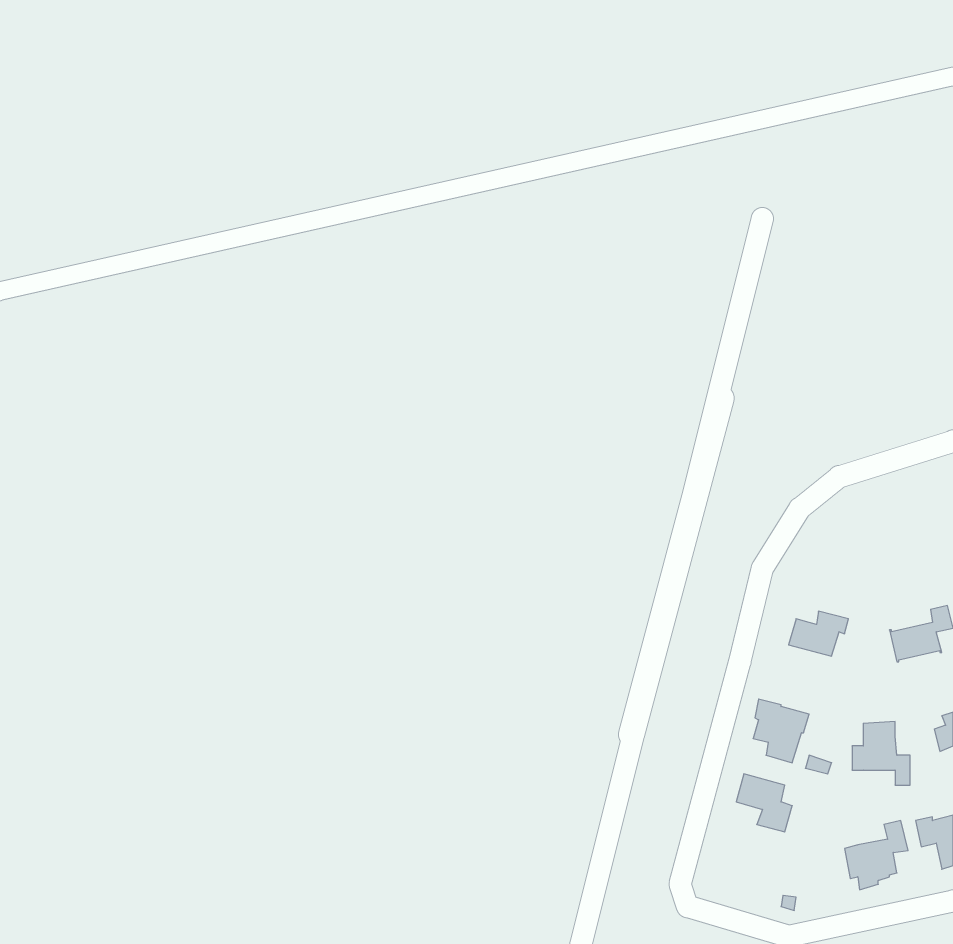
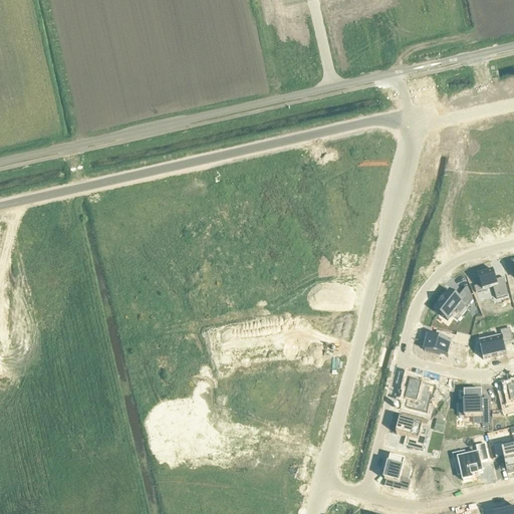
building: none -> [474,267,508,295]
building: none -> [434,284,472,317]
building: none -> [383,453,411,489]

